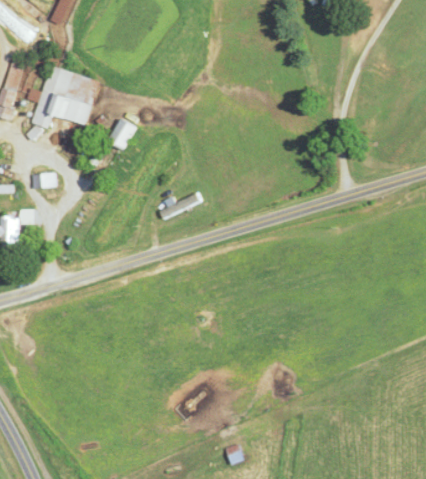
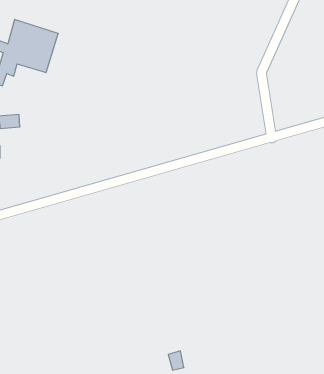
building: [106,116,139,150] -> none
building: [157,197,199,220] -> none

